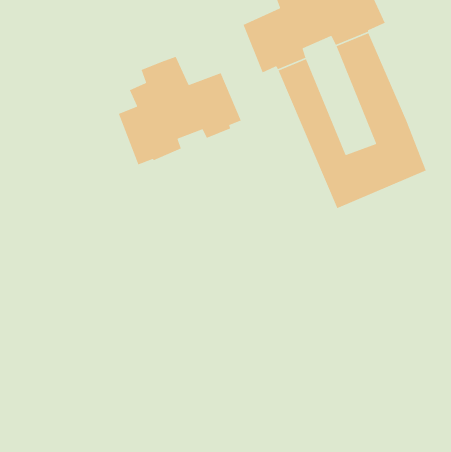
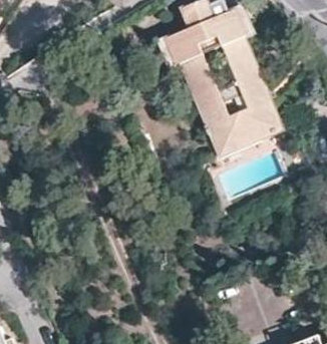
building: [118,56,242,165] -> none

